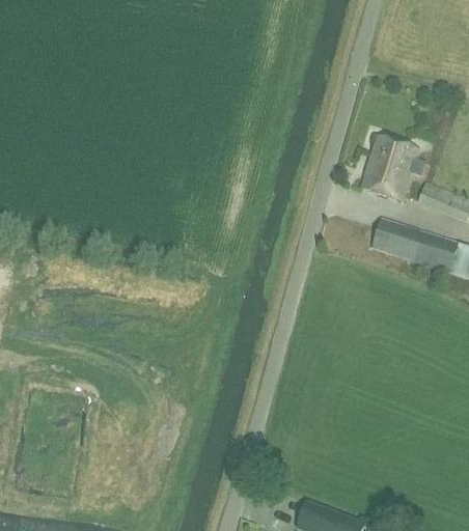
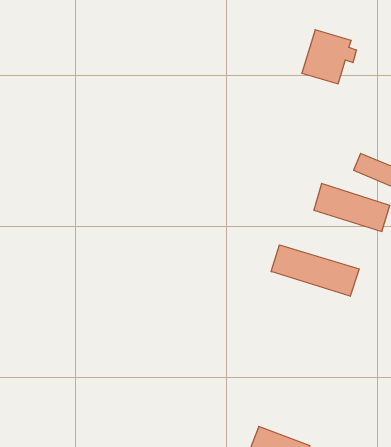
building: [359,136,423,199] -> [302,30,357,84]
building: none -> [271,245,359,296]

